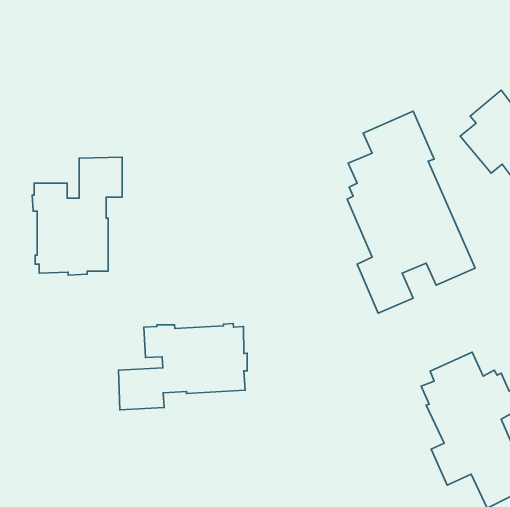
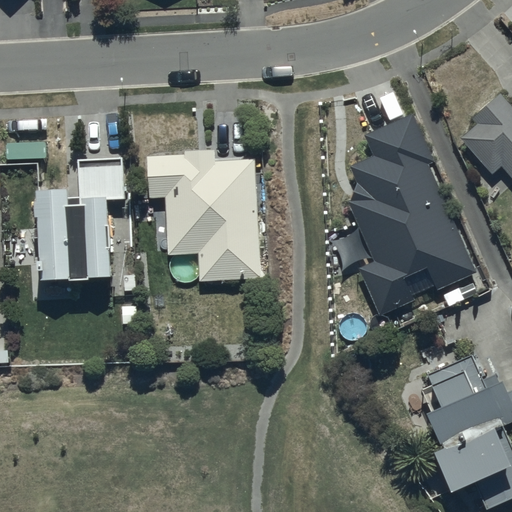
building: none -> [148,149,260,284]
building: [119,324,247,410] -> none

